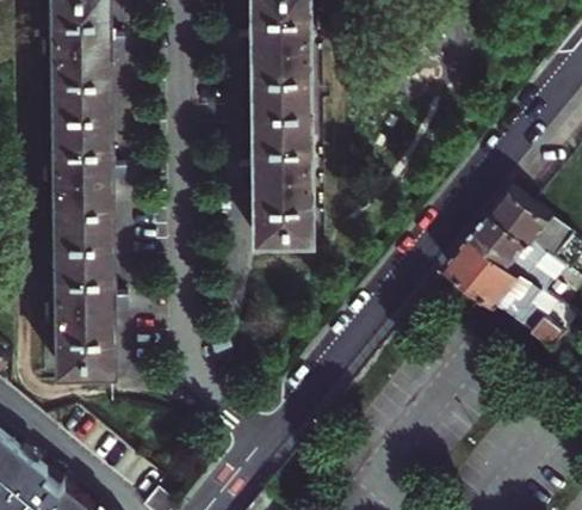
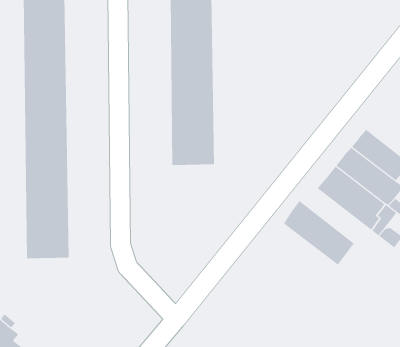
building: none -> [283,200,355,265]

